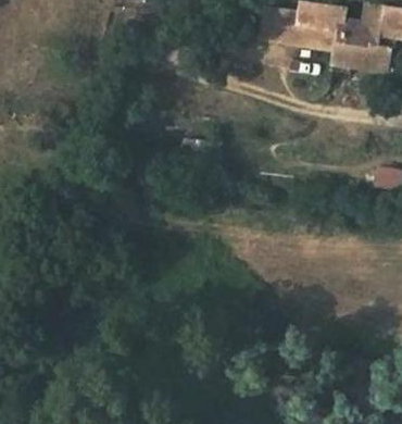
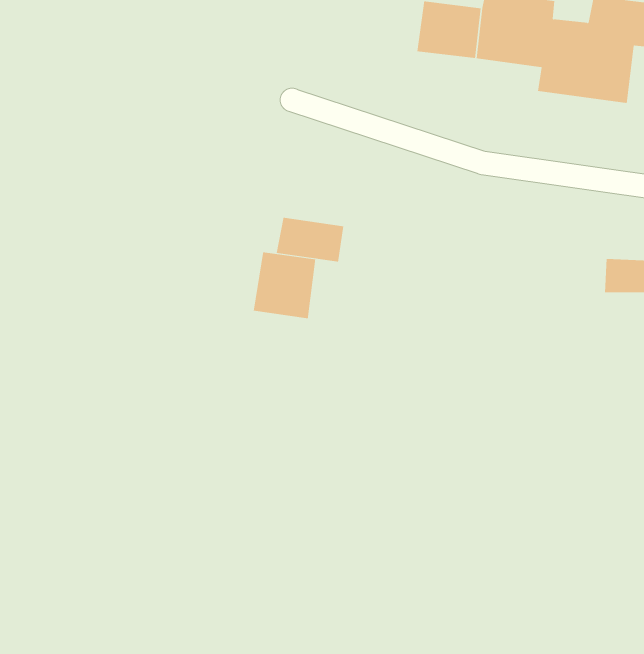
building: none -> [253,251,316,319]

